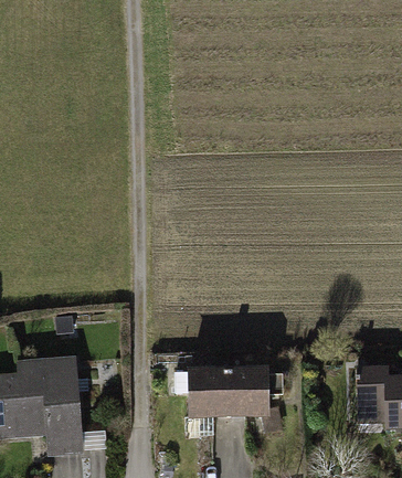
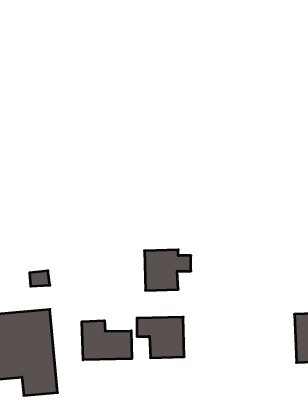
building: [230,365,283,412] -> [144,250,191,290]
building: none -> [82,321,132,360]

